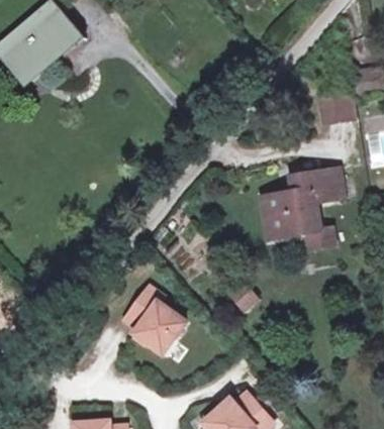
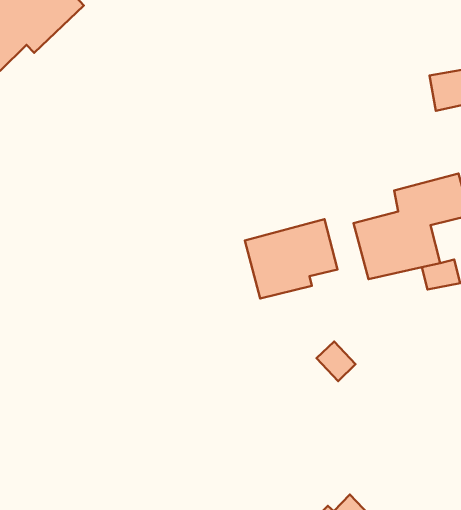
building: none -> [245,219,338,299]
building: [126,284,188,351] -> none

